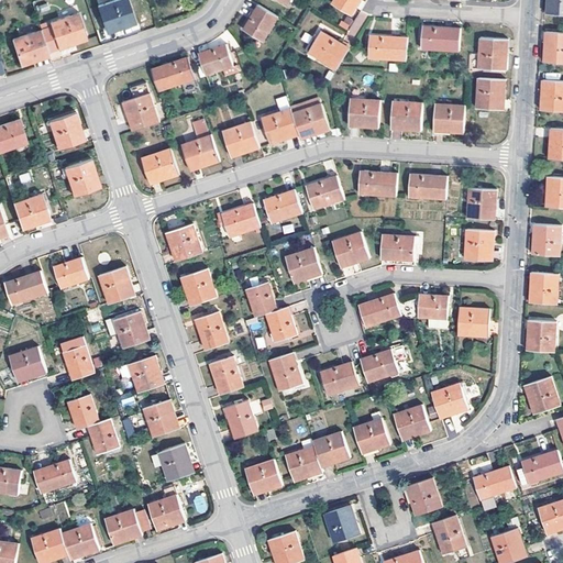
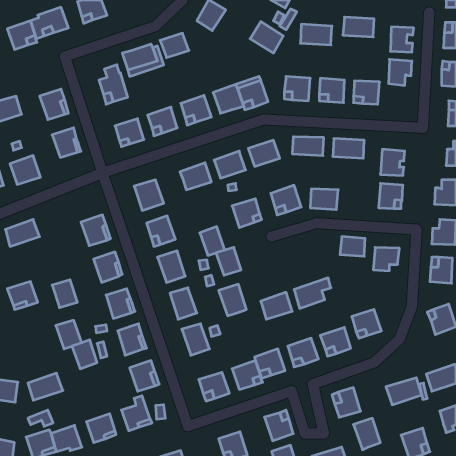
building: [54,258,89,289] -> none
building: [357,294,400,327] -> none

